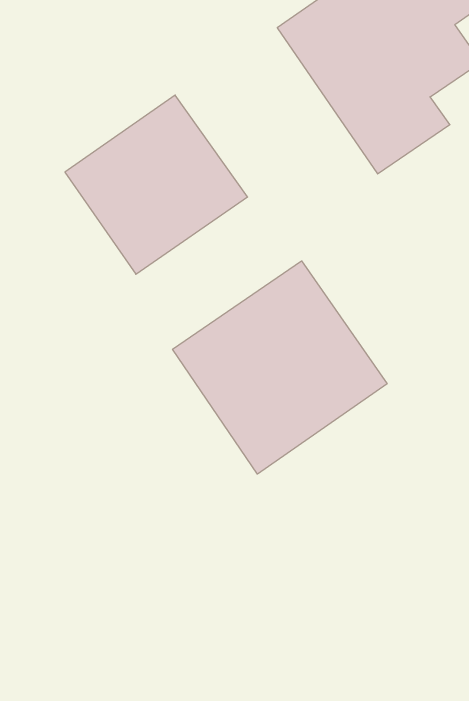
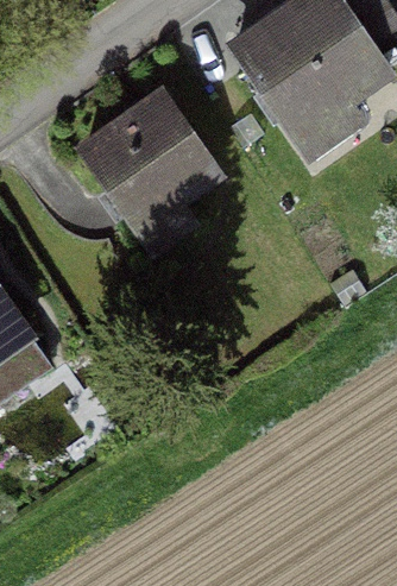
building: [173,261,387,474] -> none

